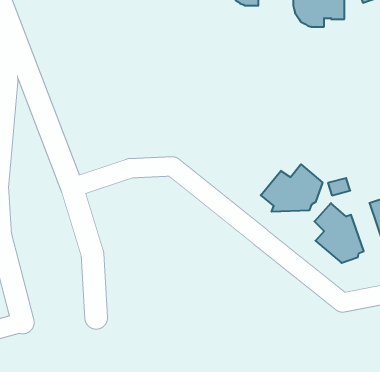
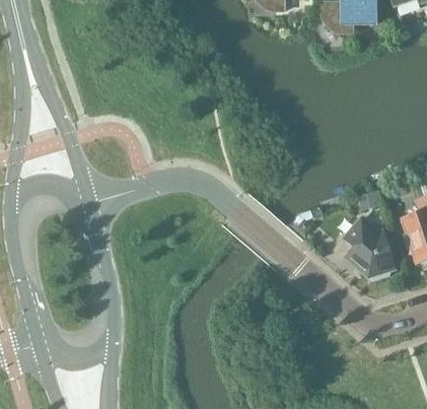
building: [261,164,323,212] -> none

